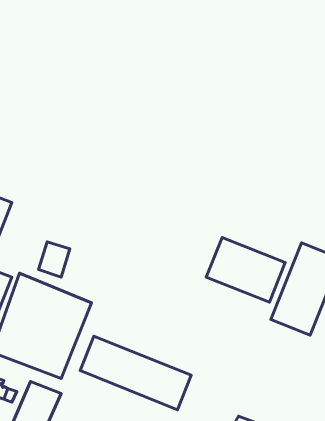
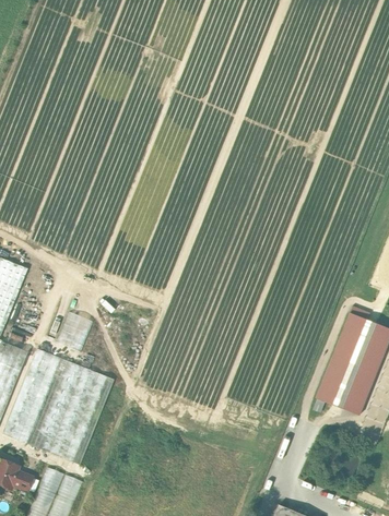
building: [206,237,285,302] -> none
building: [80,336,191,410] -> none

